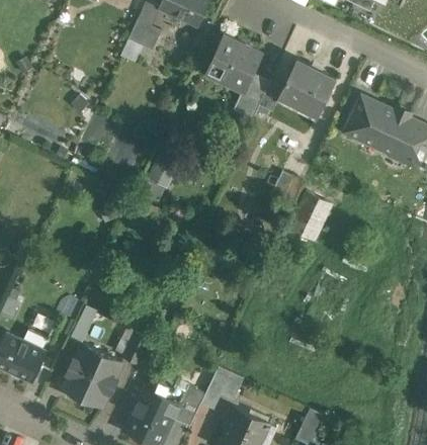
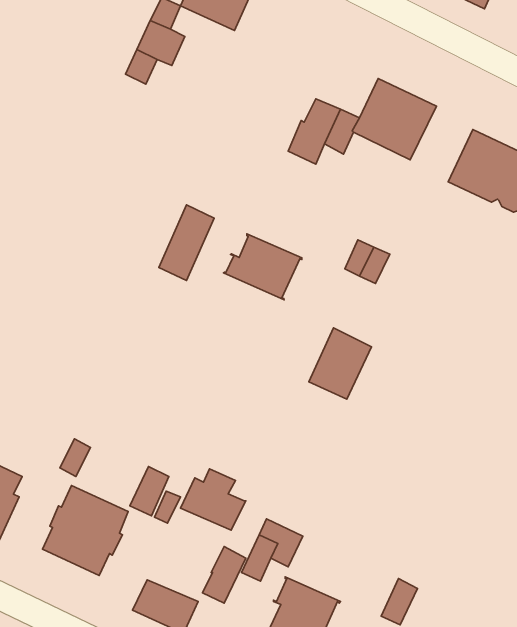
building: [205,36,261,91] -> none
building: none -> [223,234,302,300]
building: [287,191,331,241] -> [309,328,371,399]
building: [135,382,180,425] -> [180,469,246,530]

